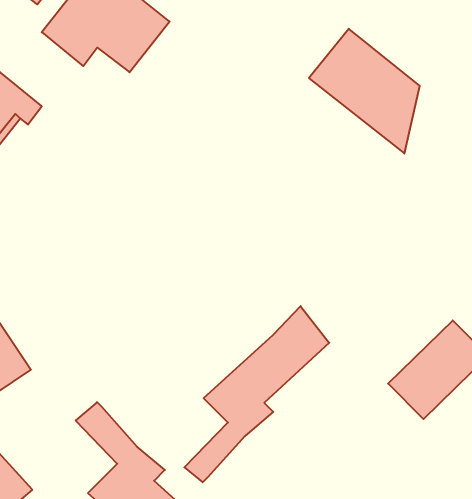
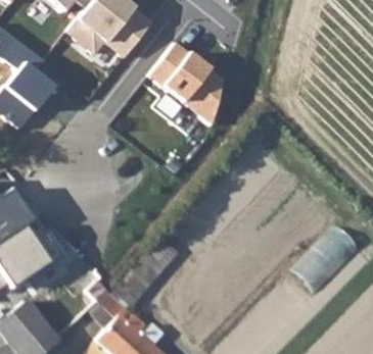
building: [309,29,420,154] -> [148,44,222,127]
building: [184,306,329,482] -> none

